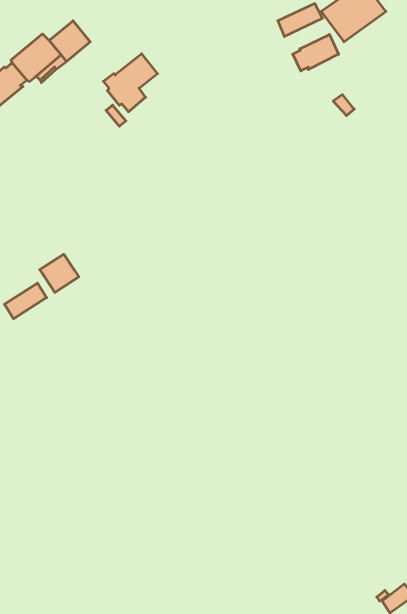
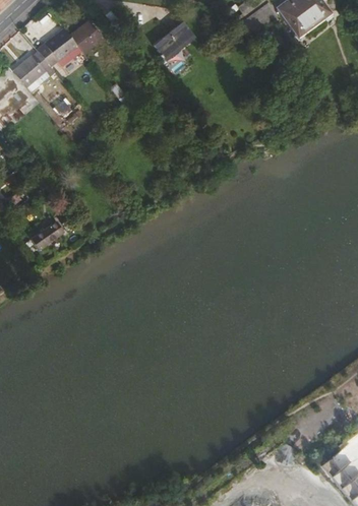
building: [293,34,339,71] -> none
building: [103,54,158,112] -> [154,21,195,66]
building: [40,254,79,292] -> none

